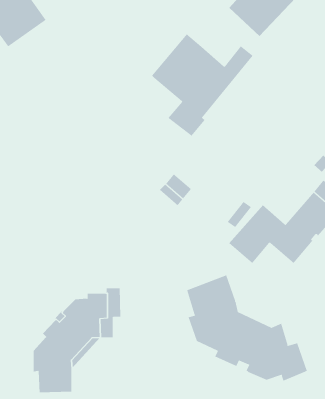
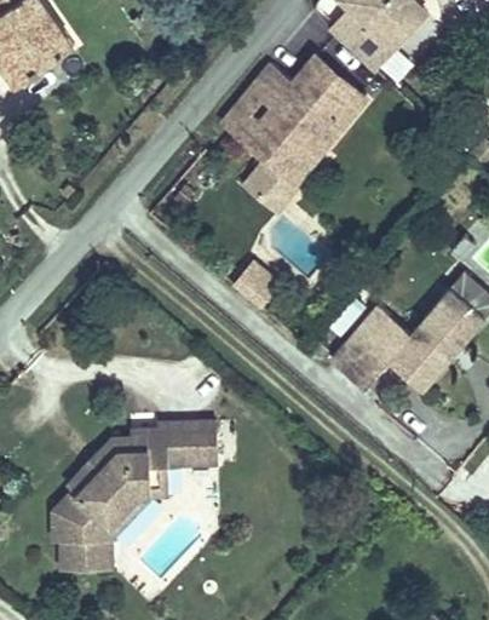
building: none -> [293,56,347,111]
building: [187,274,308,381] -> none
building: none -> [178,423,218,465]

